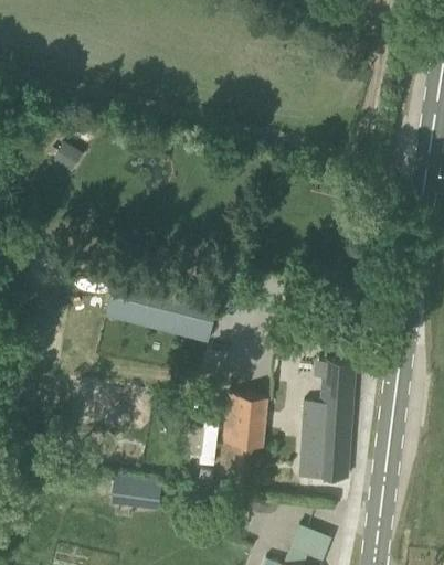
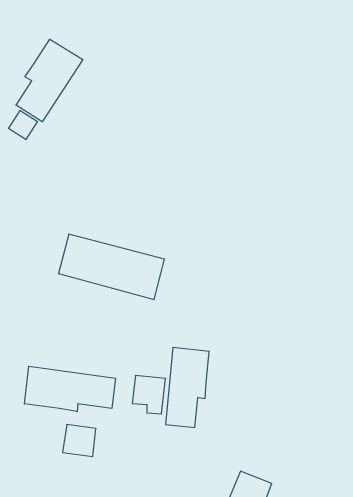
building: none -> [16,39,83,122]
building: [299,361,356,479] -> none
building: none -> [24,366,116,412]

